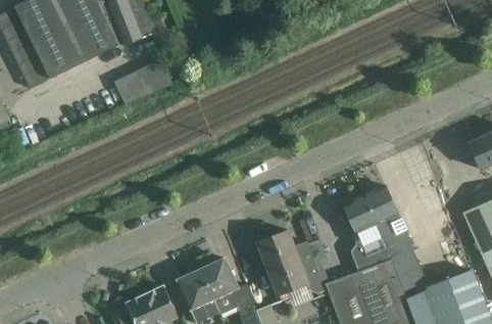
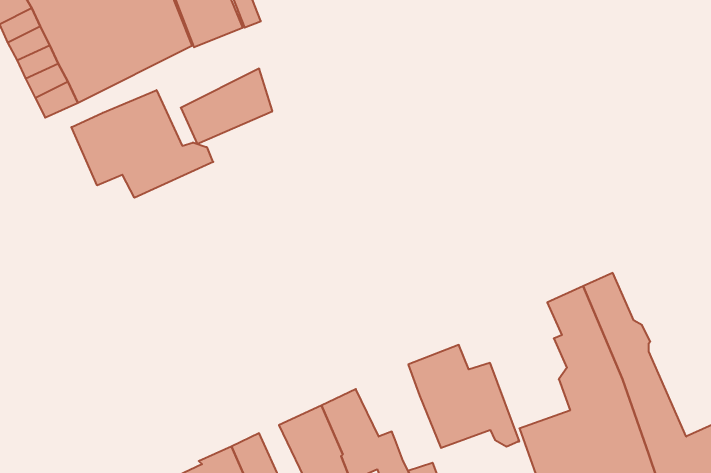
building: none -> [71,90,213,198]

